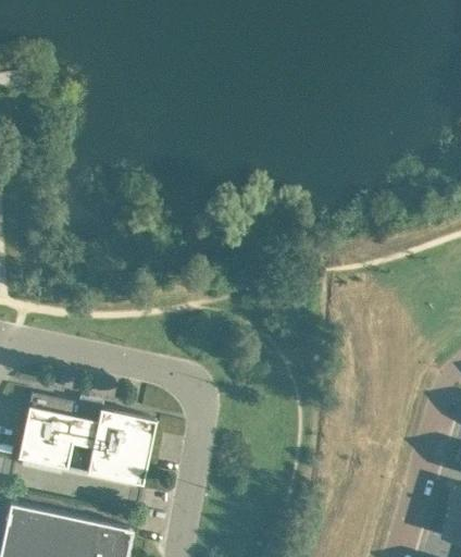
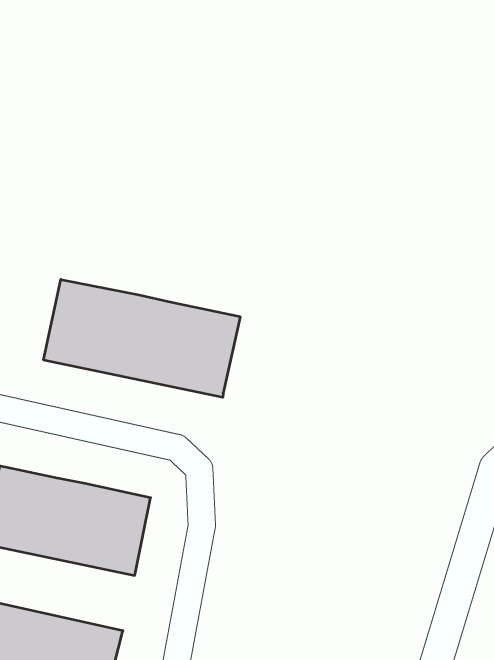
building: none -> [44,279,240,397]

